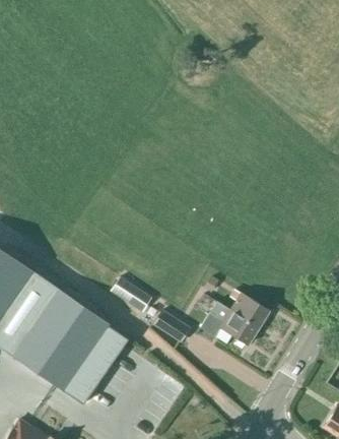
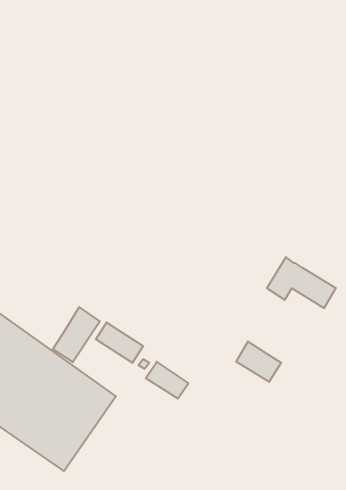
building: none -> [53,307,100,362]
building: [200,301,259,344] -> [267,257,336,308]

